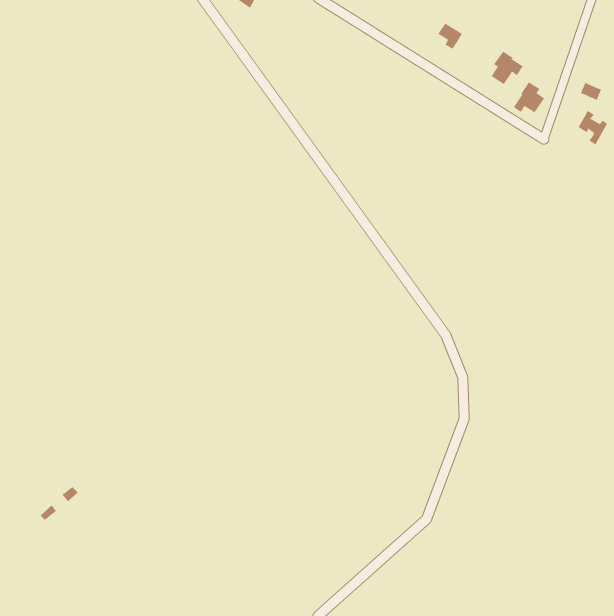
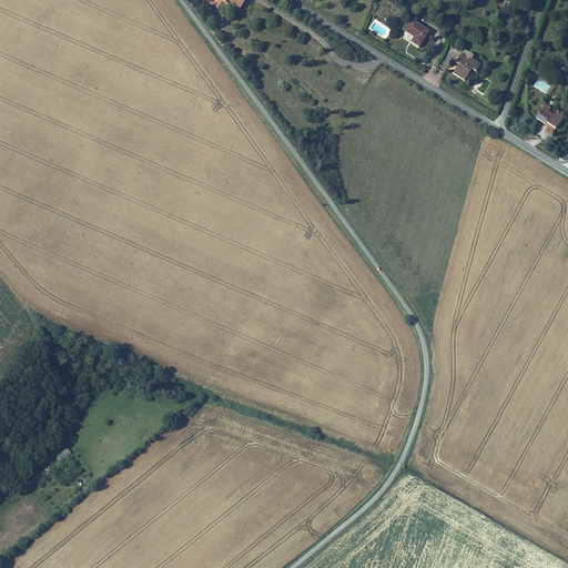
building: [513,82,545,113] -> none

